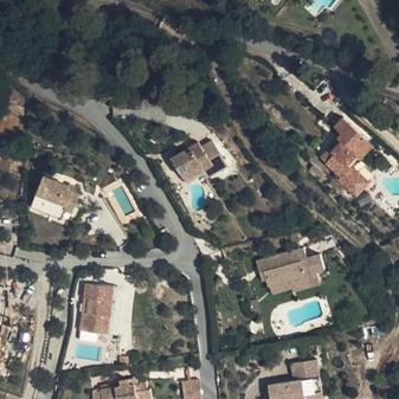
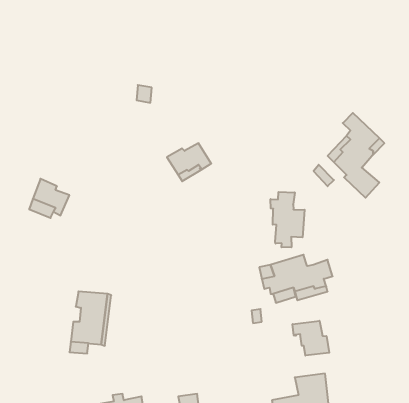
building: none -> [271,192,305,247]
building: none -> [293,321,329,356]

